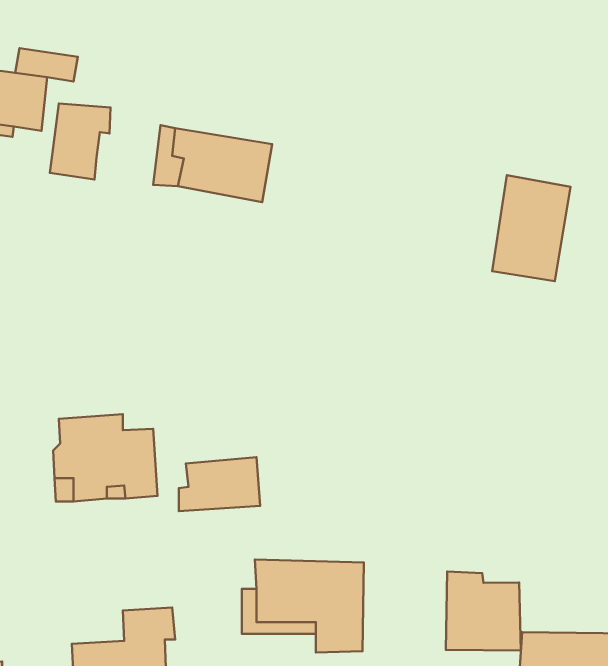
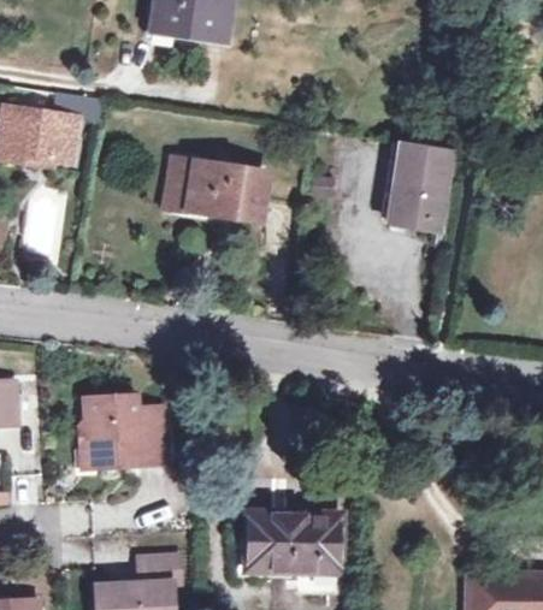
building: [50,104,110,180] -> none
building: [492,175,571,281] -> [386,141,451,229]
building: [179,457,260,511] -> none
building: [446,571,521,651] -> none

